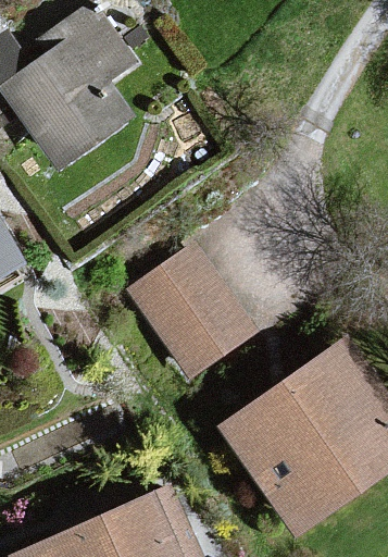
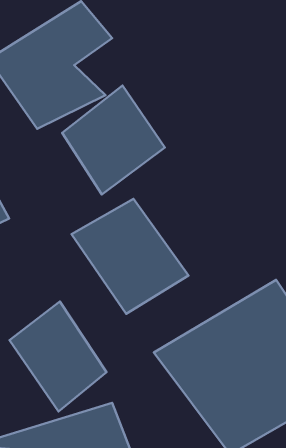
building: none -> [62,86,165,194]
building: none -> [10,302,106,412]

